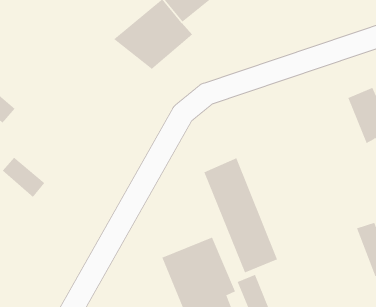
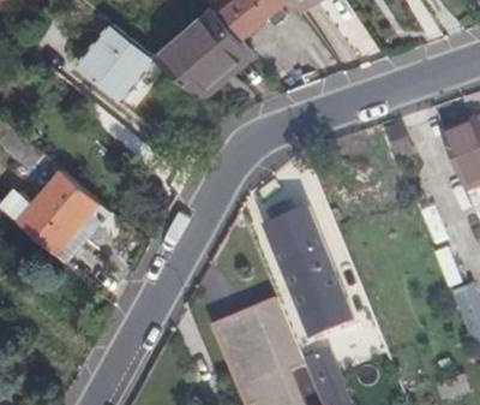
building: none -> [76,23,152,100]
building: none -> [31,161,100,236]

